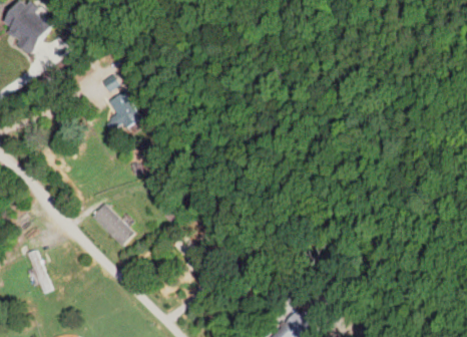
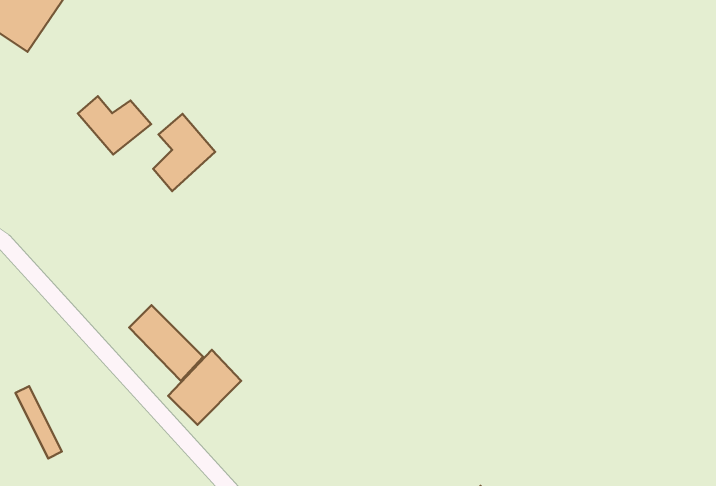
building: none -> [78,96,151,154]
building: none -> [168,350,241,425]

